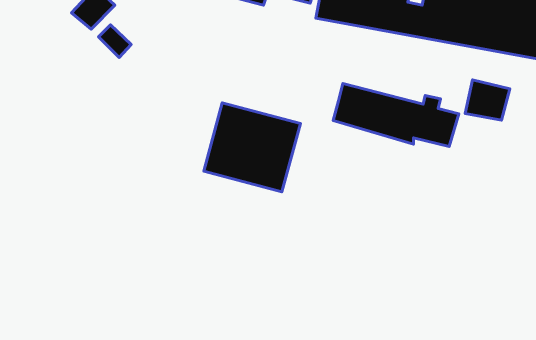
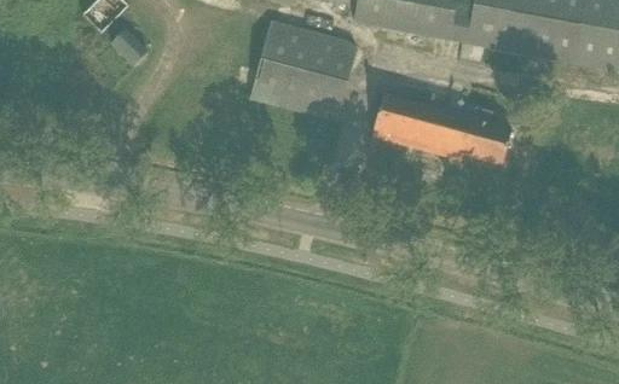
building: [465,80,510,120] -> none
building: [204,103,300,192] -> [250,21,358,120]

